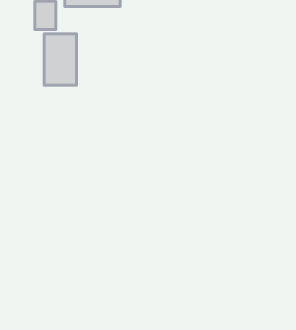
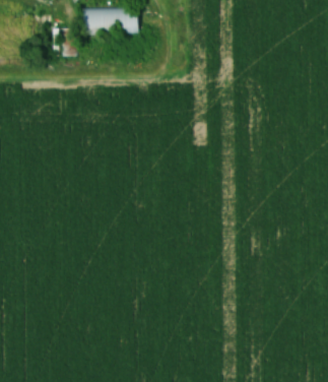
building: [44,34,76,85] -> none

